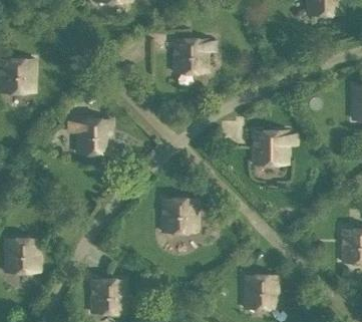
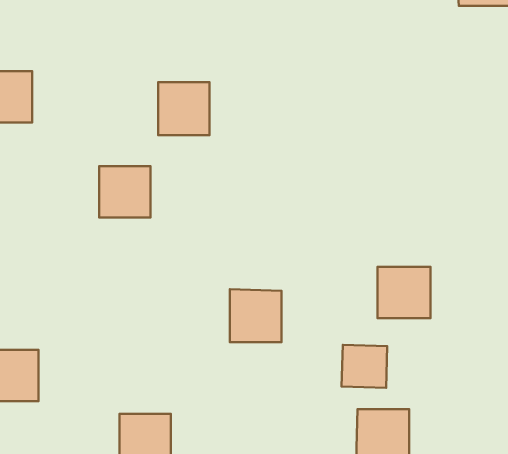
building: [174,39,208,73] -> [158,82,210,135]
building: [253,132,287,166] -> [378,267,431,318]
building: none -> [342,345,387,388]

